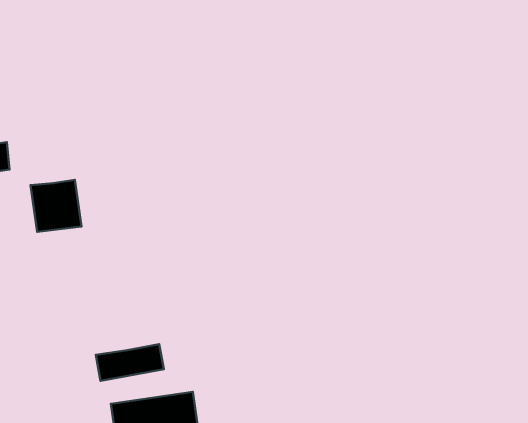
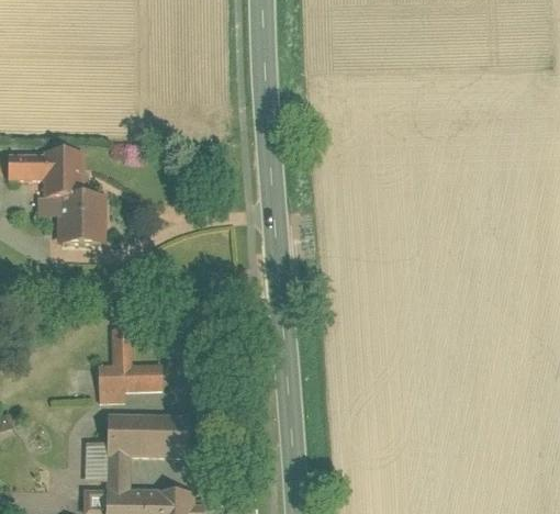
building: none -> [44,154,83,199]
building: none -> [111,333,131,367]

